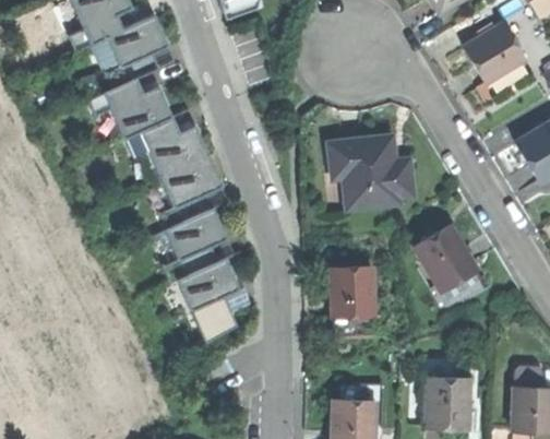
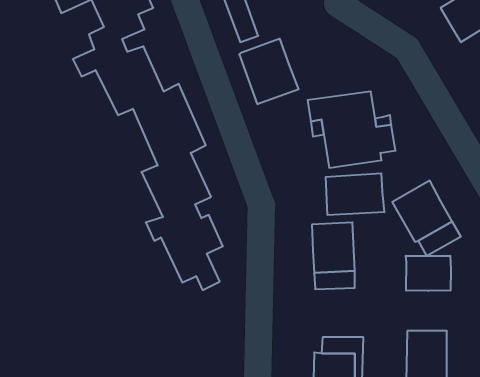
building: none -> [239,39,299,104]
building: none -> [326,173,384,215]
building: none -> [406,256,451,291]

